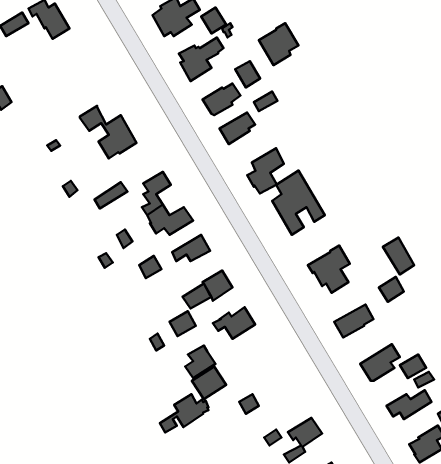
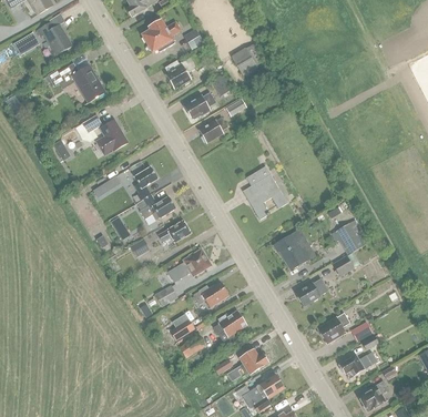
building: none -> [48,62,105,102]
building: [247,148,284,193] -> none
building: none -> [213,311,246,342]
building: [160,394,208,432] -> [227,348,268,380]

